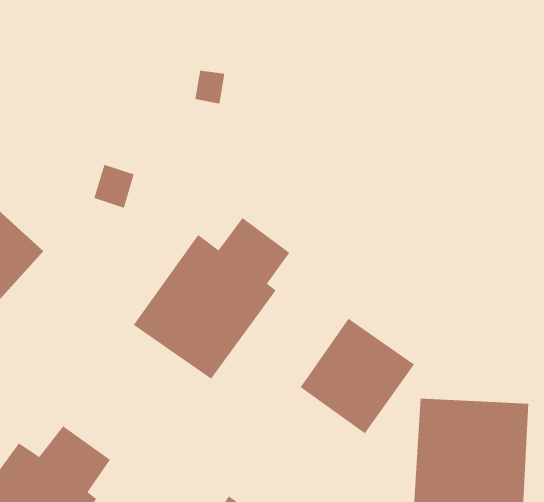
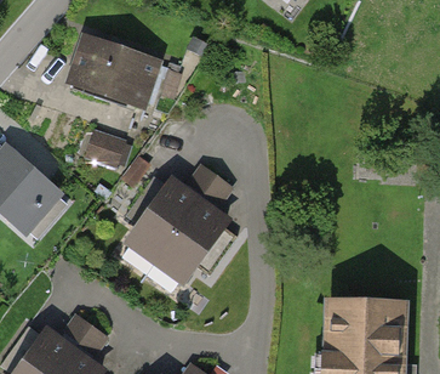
building: none -> [73,38,156,101]
building: [300,318,415,434] -> none

